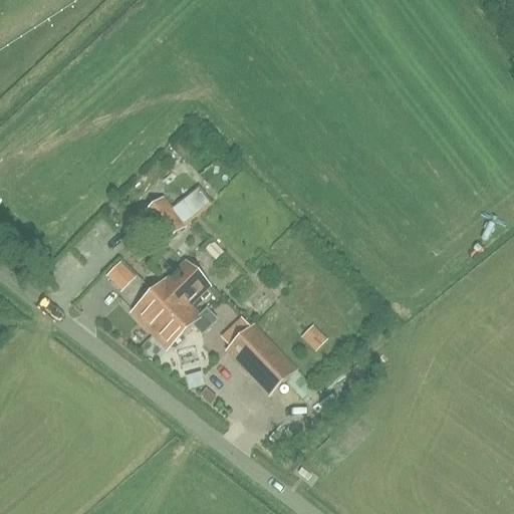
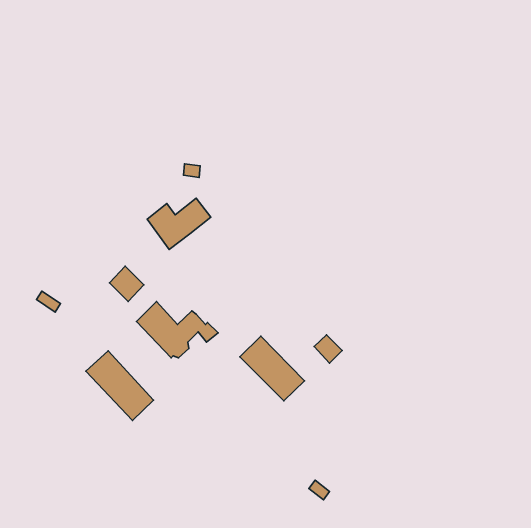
building: [151,259,207,312] -> none
building: none -> [86,351,154,421]

